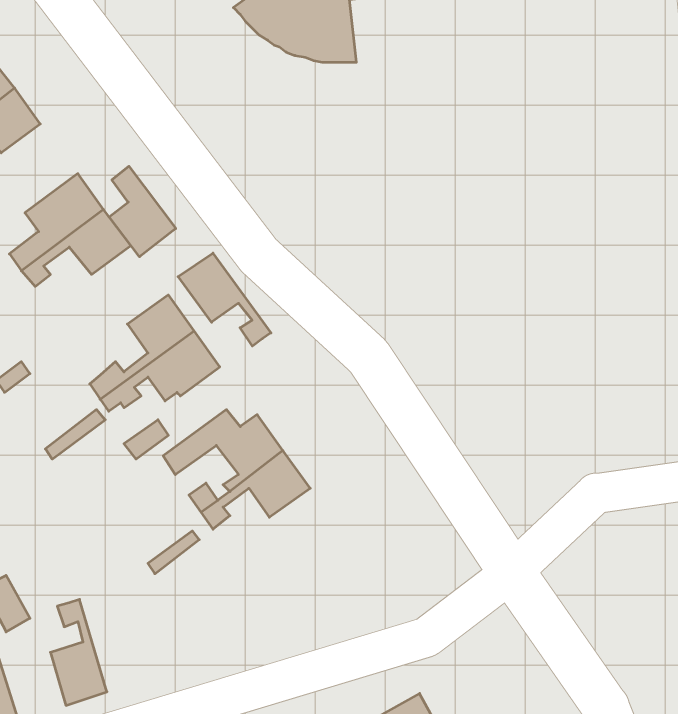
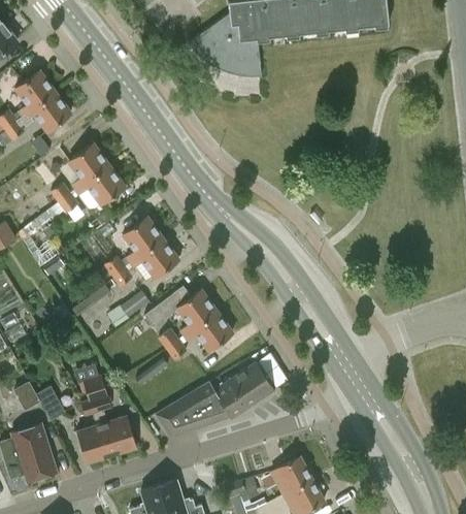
building: [109,166,176,257] -> none
building: [178,253,271,346] -> none
building: none -> [156,362,273,436]
building: none -> [81,376,136,455]

